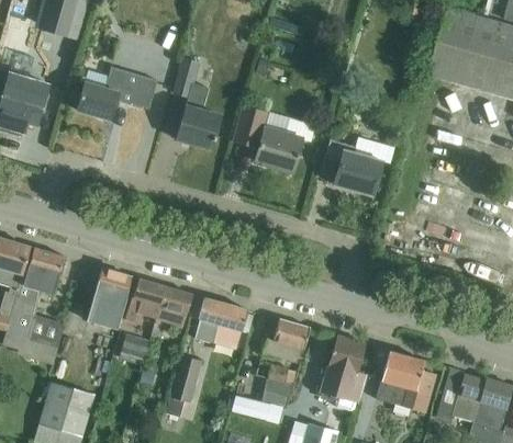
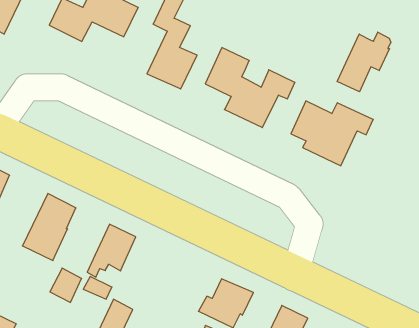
building: none -> [337,32,391,92]
building: [126,279,165,322] -> none
building: [194,297,247,343] -> none

